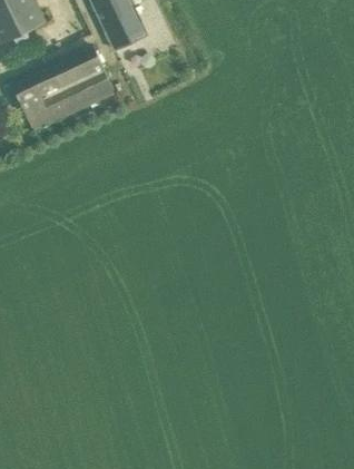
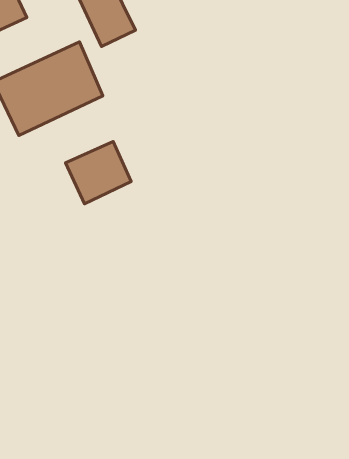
building: none -> [66,141,131,204]

